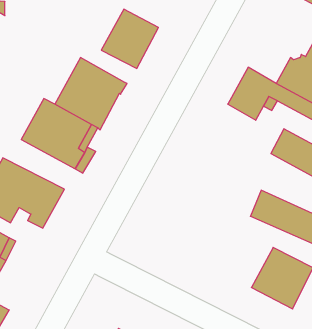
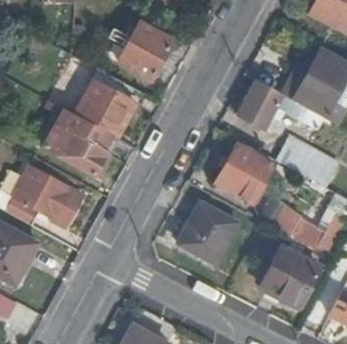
building: none -> [215,144,272,202]
building: none -> [178,202,237,262]

